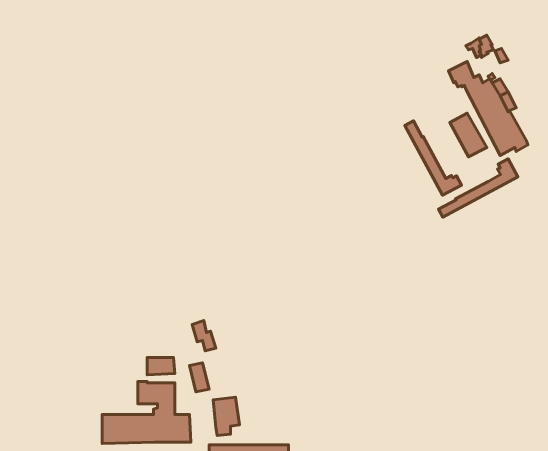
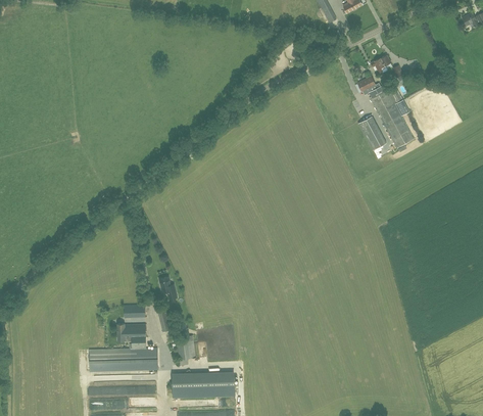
building: [405,121,462,195] -> none
building: [438,159,518,217] -> none

